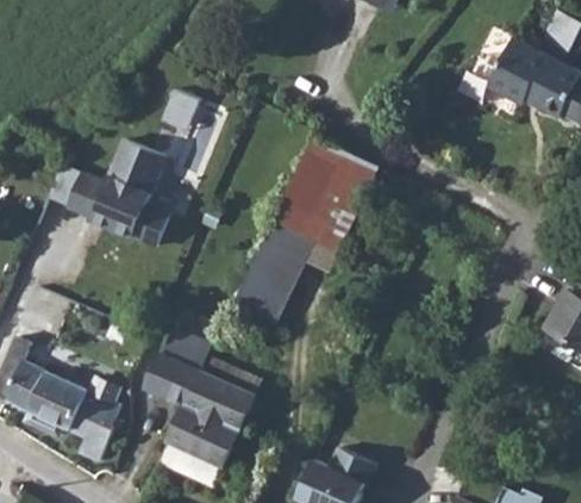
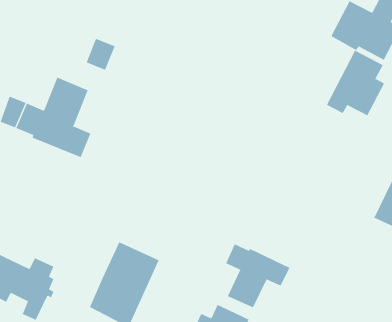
building: none -> [326,50,385,116]
building: [235,136,377,324] -> none
building: [145,330,211,406] -> none
building: none -> [225,243,290,308]

